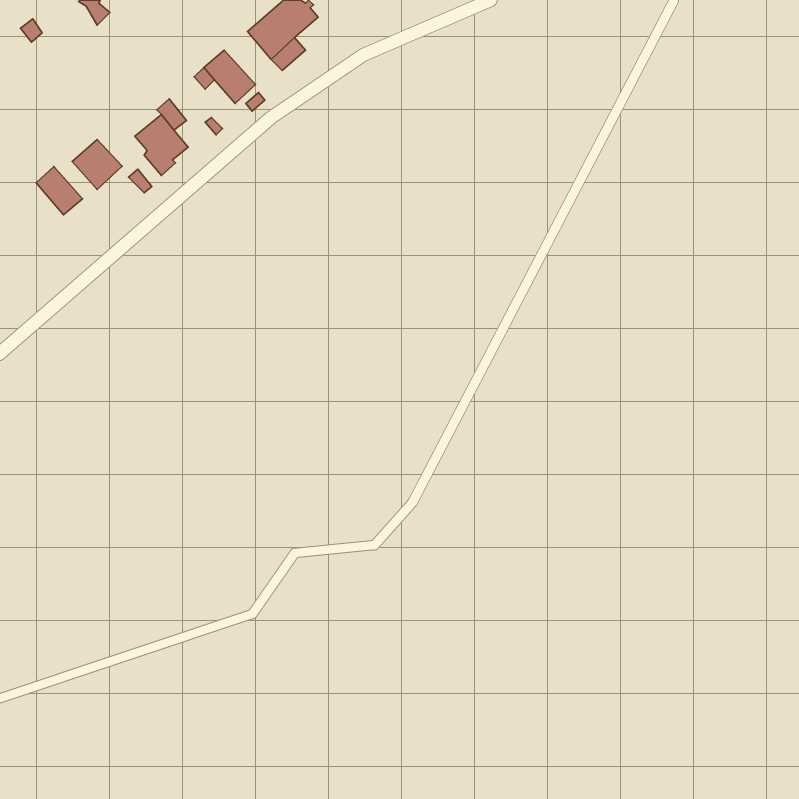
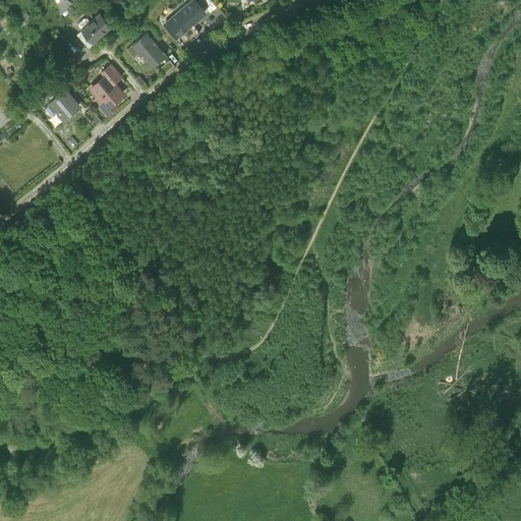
building: none -> [80,16,111,46]
building: [36,167,83,215] -> none

